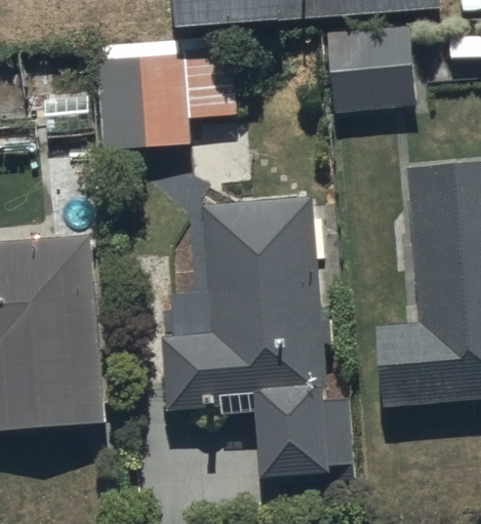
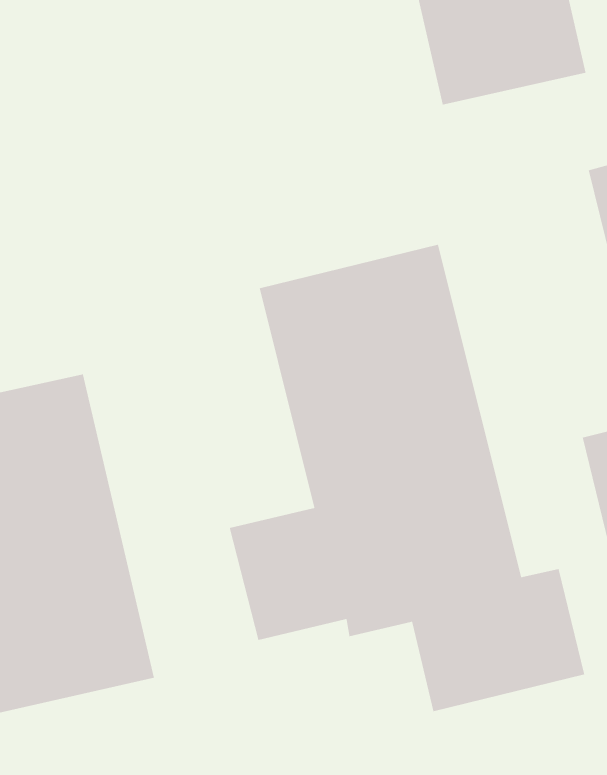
building: [94,55,235,149] -> none

